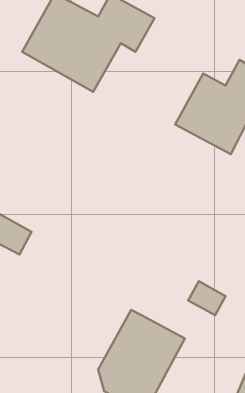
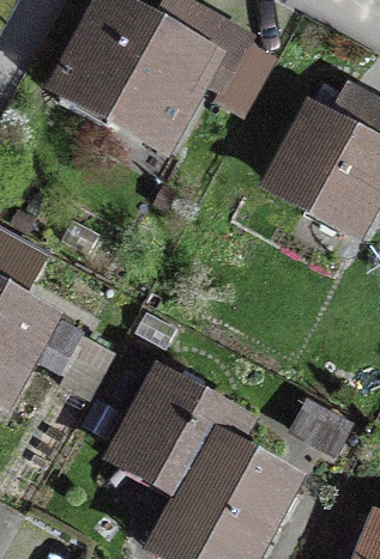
building: none -> [116,373,243,491]

